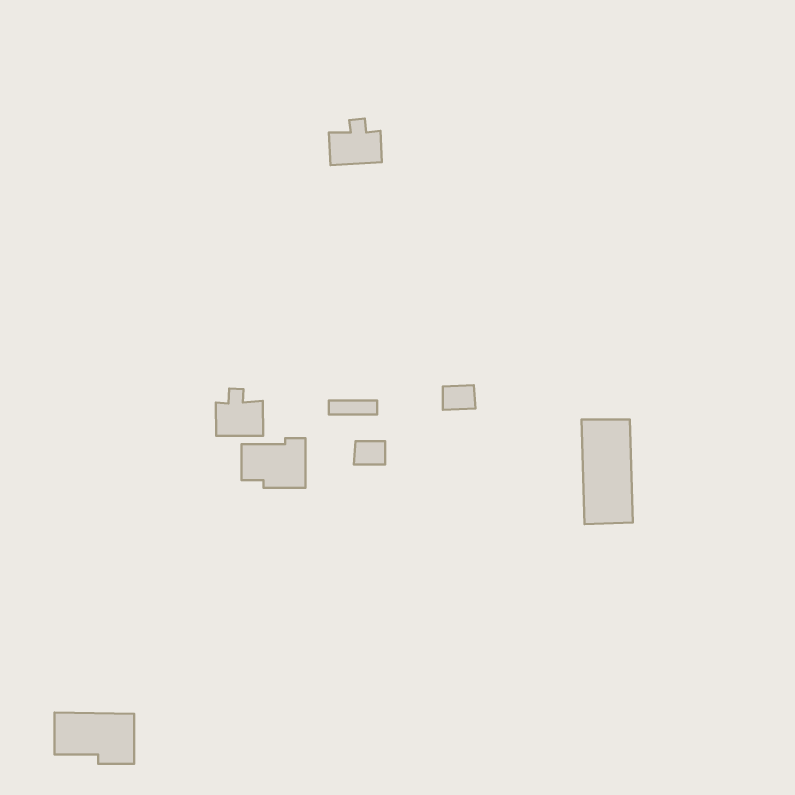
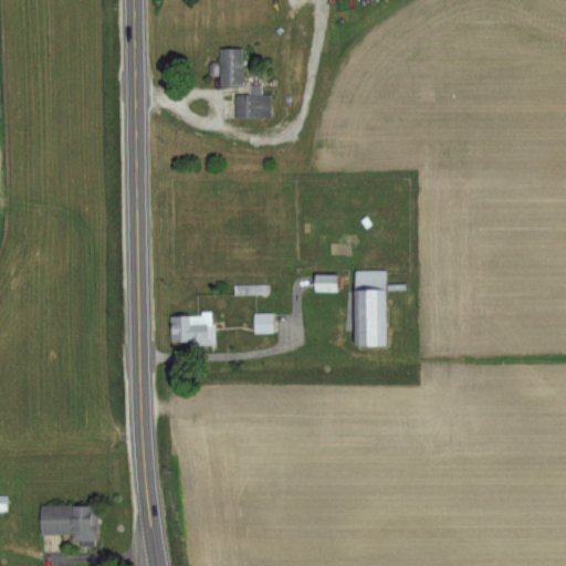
building: none -> [218,48,243,88]
building: [216,388,263,436] -> none
building: [582,420,633,524] -> [352,272,388,346]

